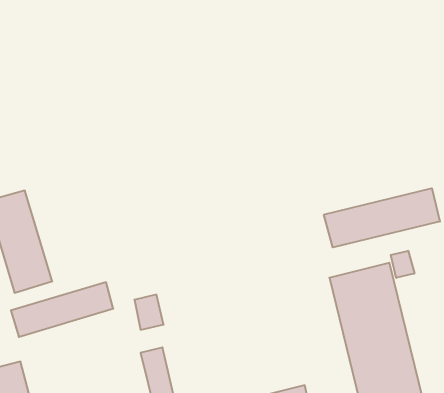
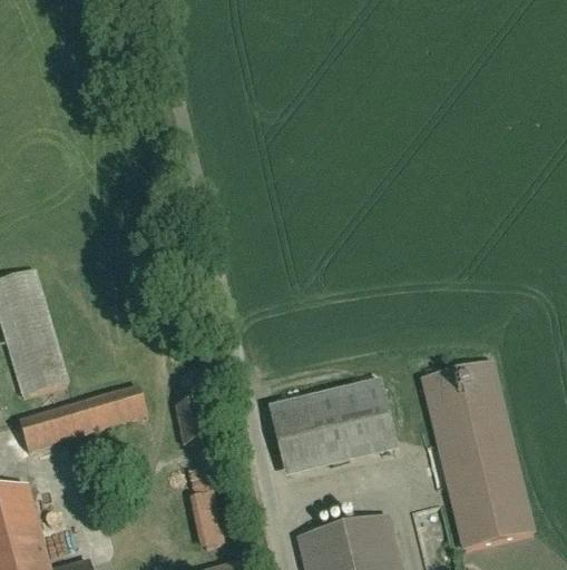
building: [324,188,440,247] -> none
building: [391,251,414,278] -> none
building: none -> [267,379,397,476]

